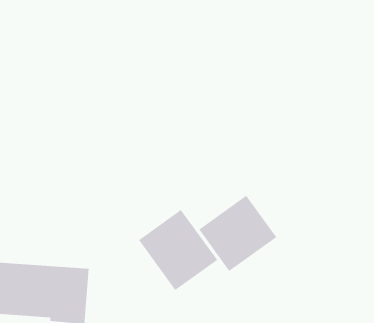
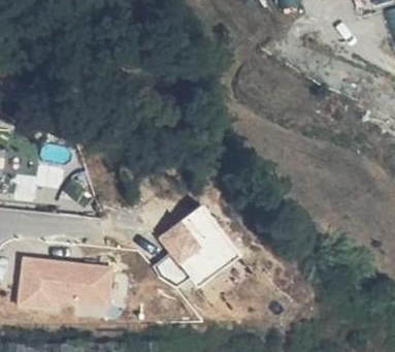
building: [198,195,277,272] -> none

